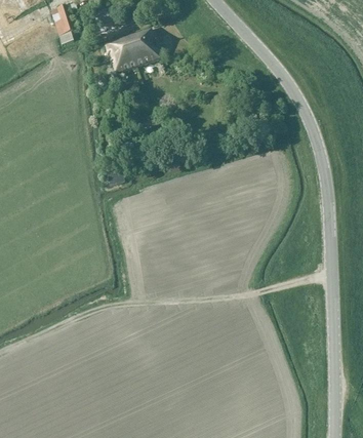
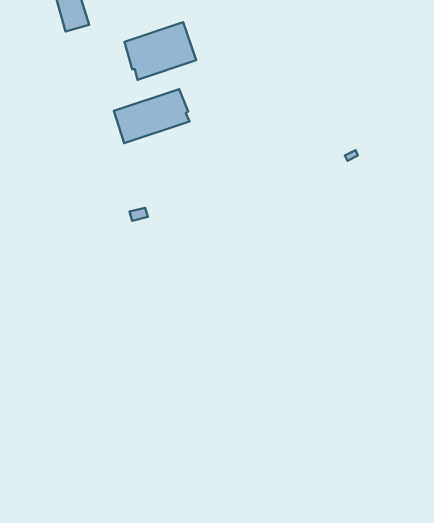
building: none -> [114,89,189,143]

